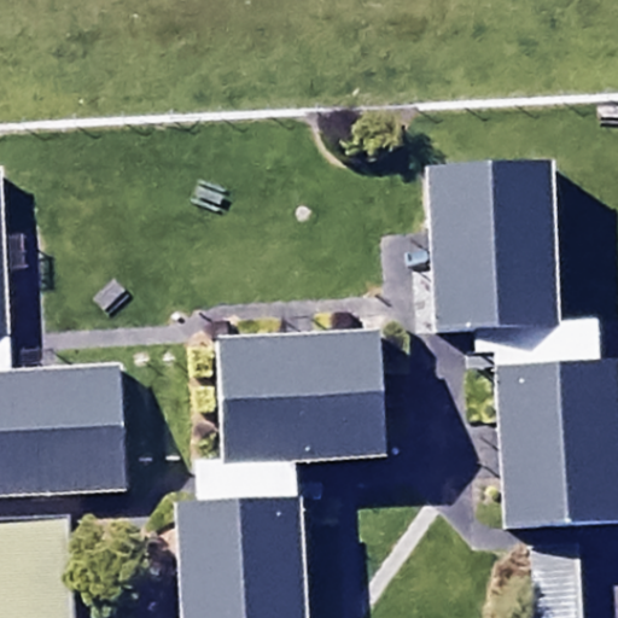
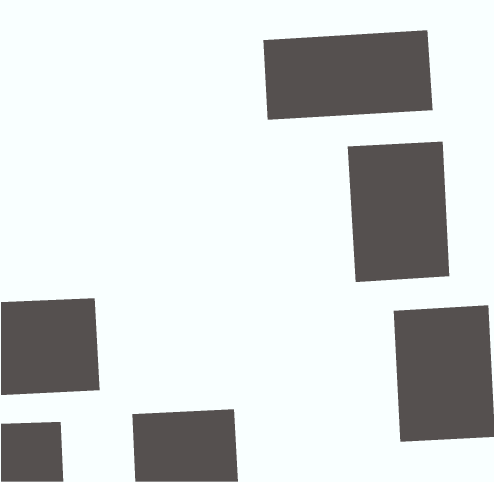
building: none -> [263,29,433,120]
building: [193,351,389,486] -> none

